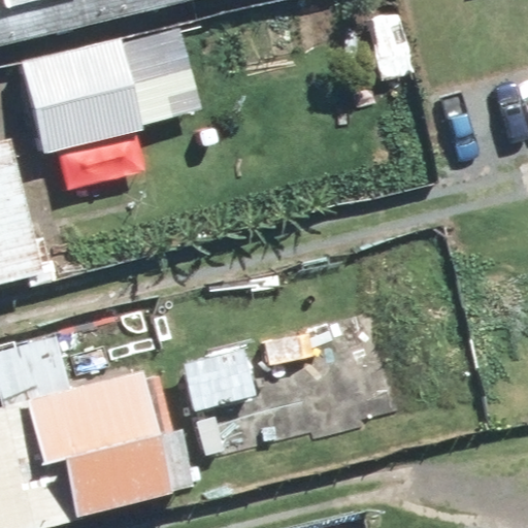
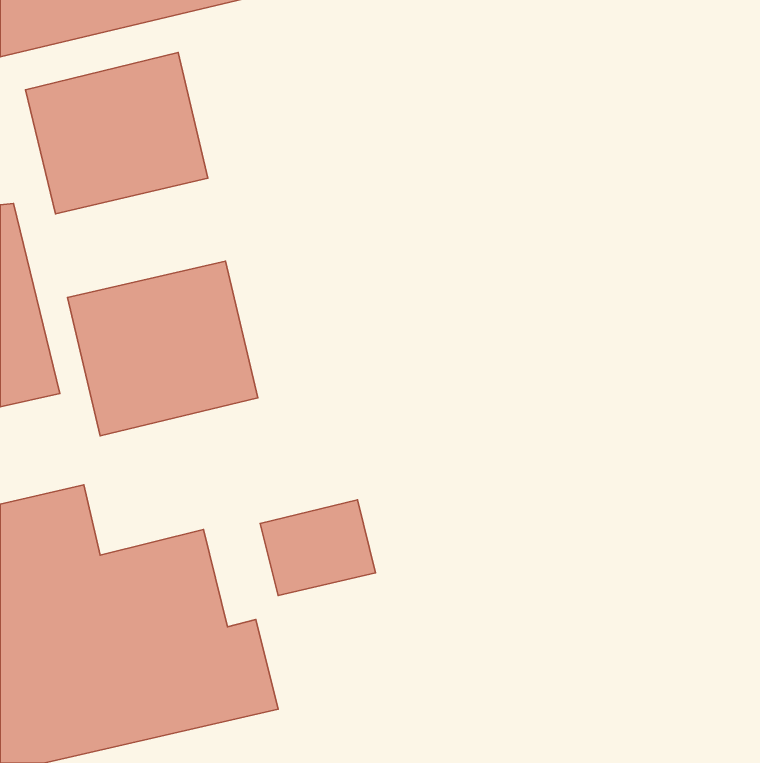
building: none -> [67,261,258,436]

